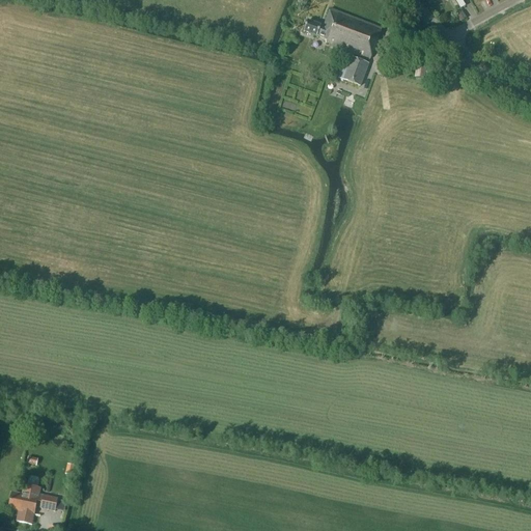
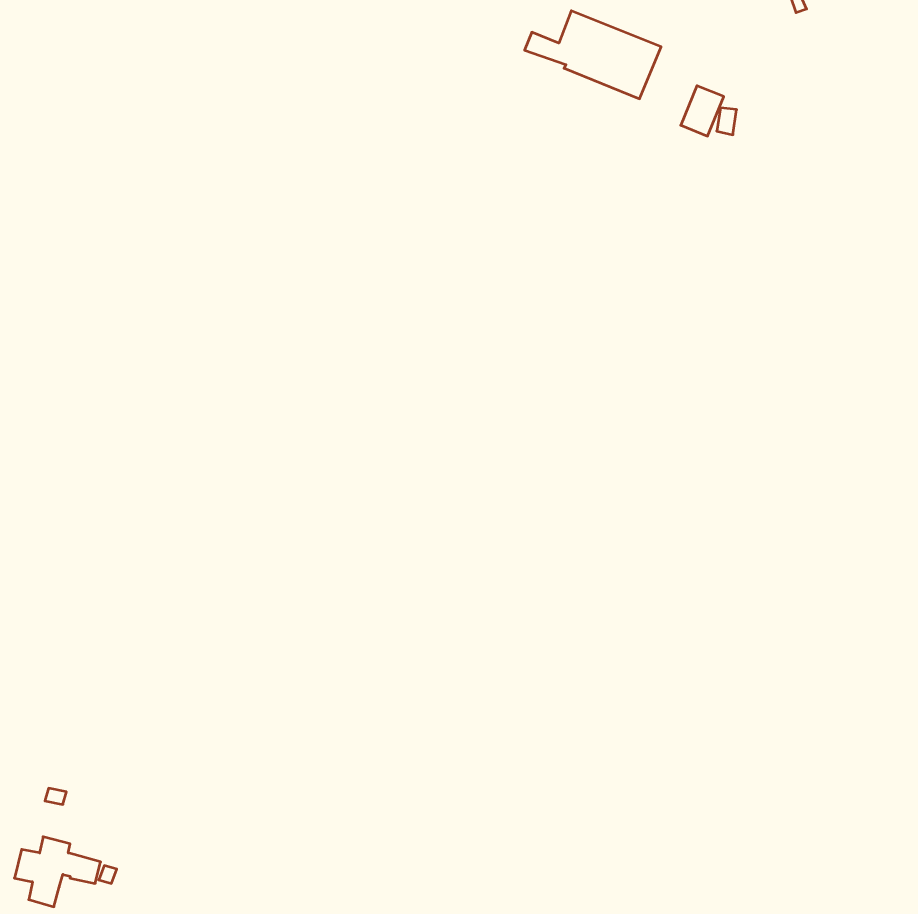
building: [343,55,368,84] -> [681,86,724,136]

